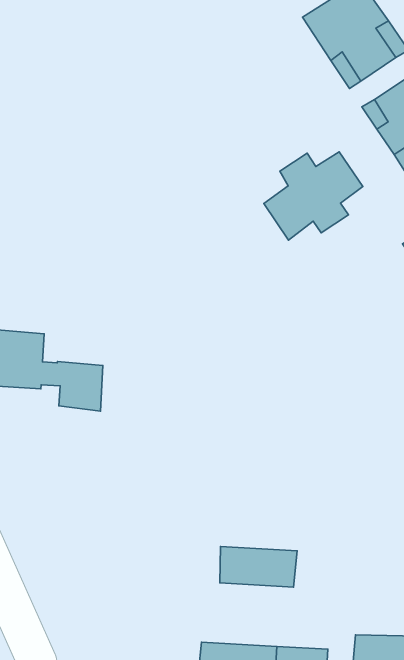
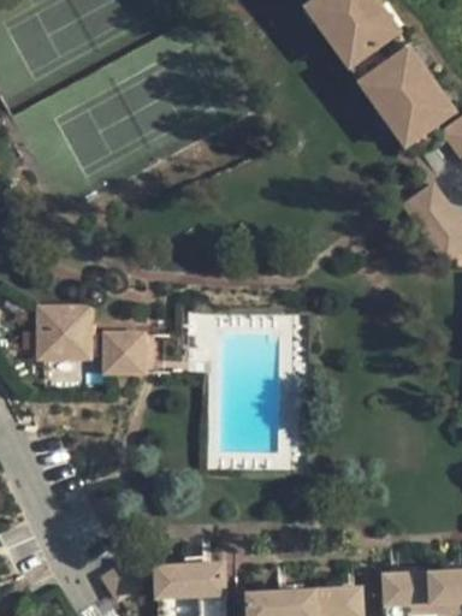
building: [264,152,363,240] -> none
building: [220,547,297,587] -> [153,556,221,588]

